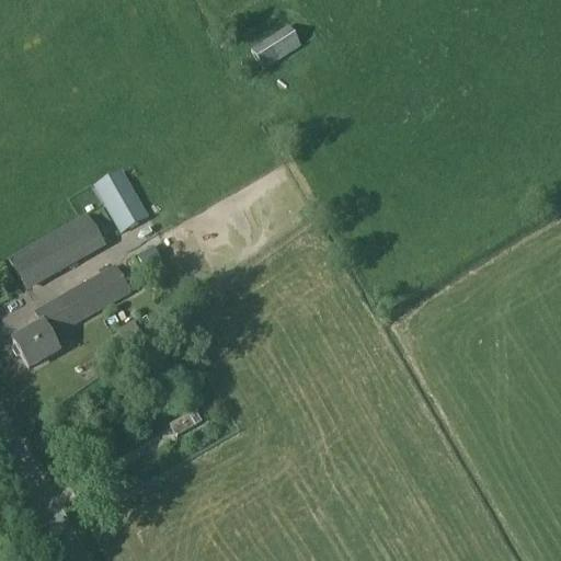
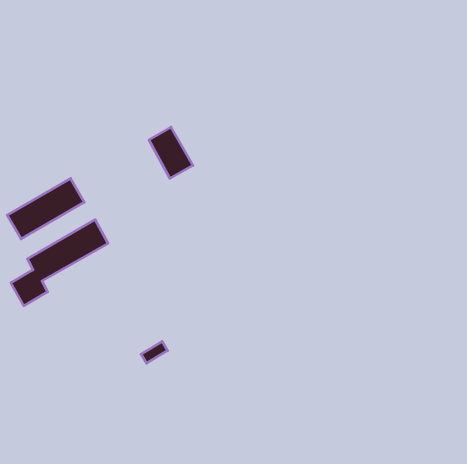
building: [252,25,300,68] -> none
building: [95,170,148,231] -> [149,127,193,178]

